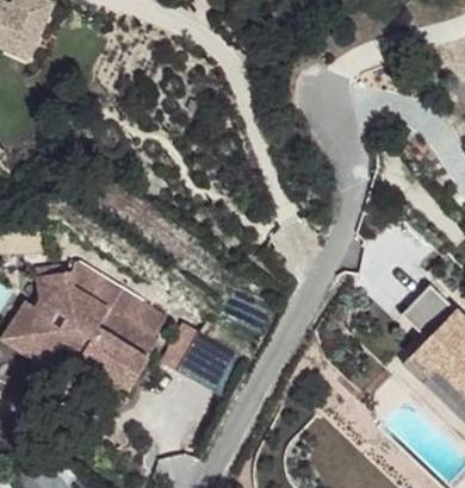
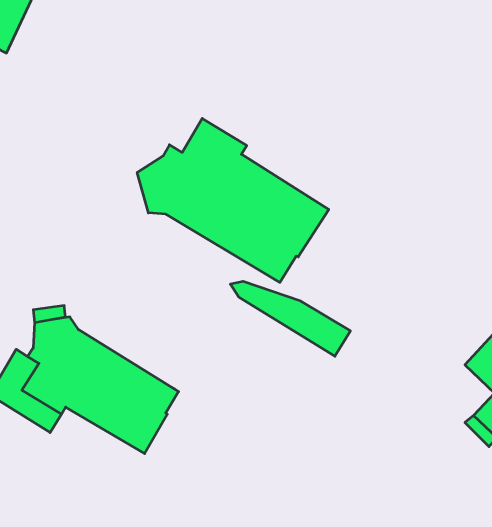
building: none -> [137,118,329,282]
building: [67,271,168,334] -> [230,281,350,356]

